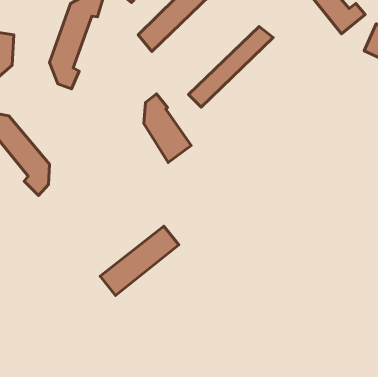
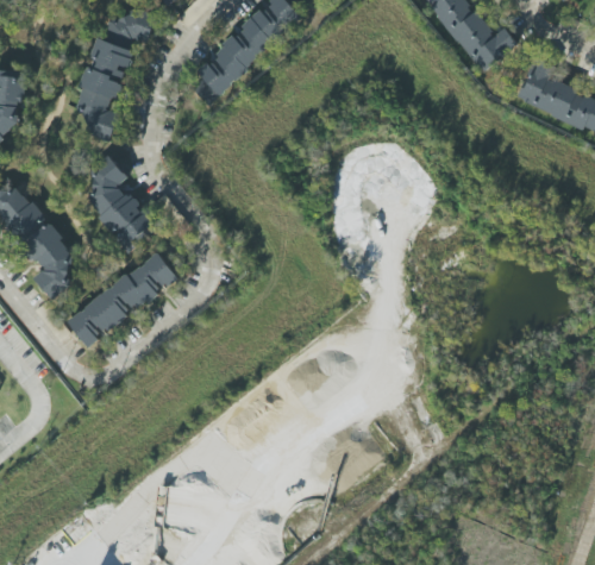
building: [188,27,273,107] -> none
building: [144,94,191,162] -> [90,157,157,253]
building: [100,226,179,296] -> [65,251,176,349]

